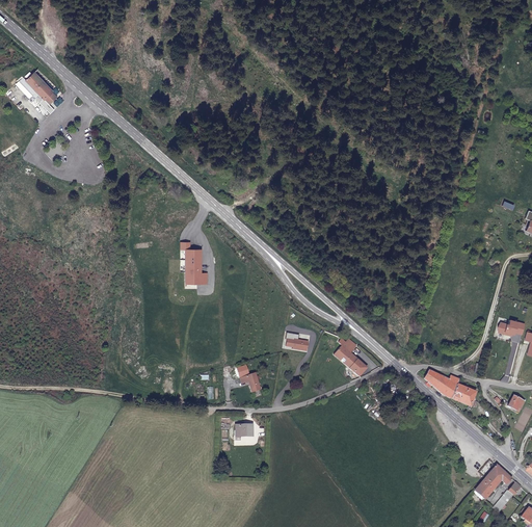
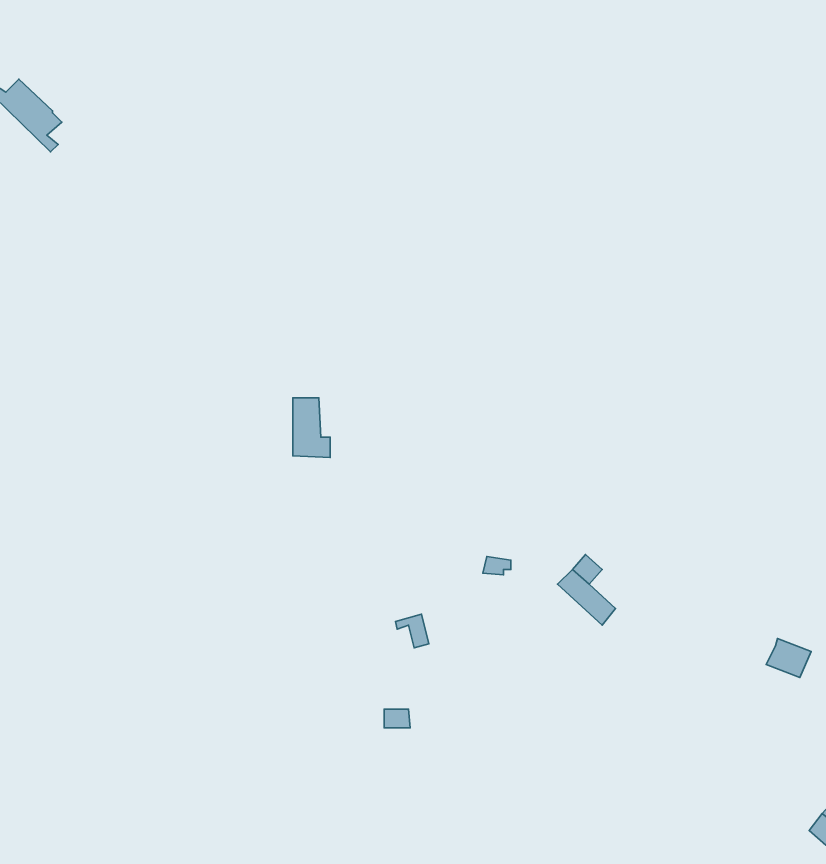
building: [424,370,460,398] -> none

